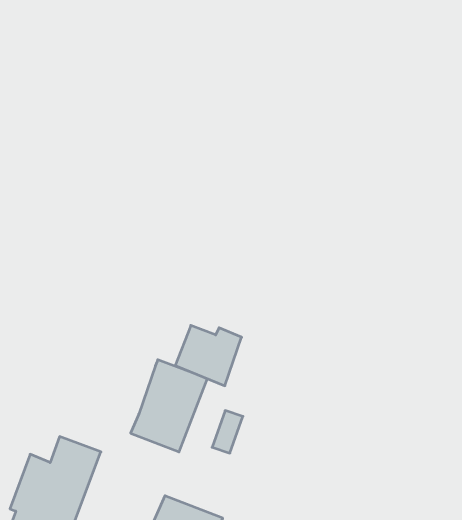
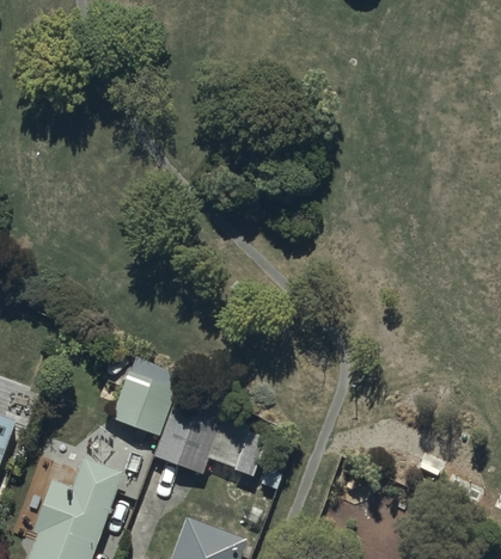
building: [175,325,242,386] -> [111,376,178,437]

